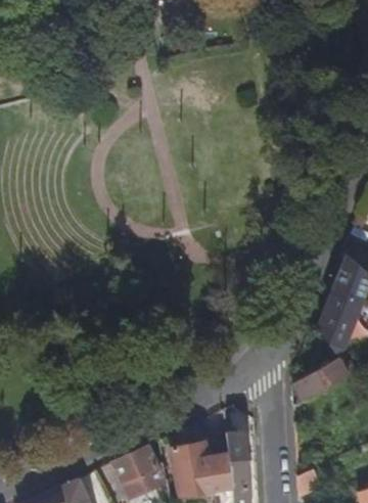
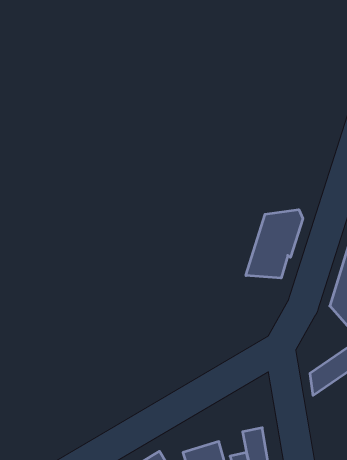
building: none -> [246,210,303,278]

